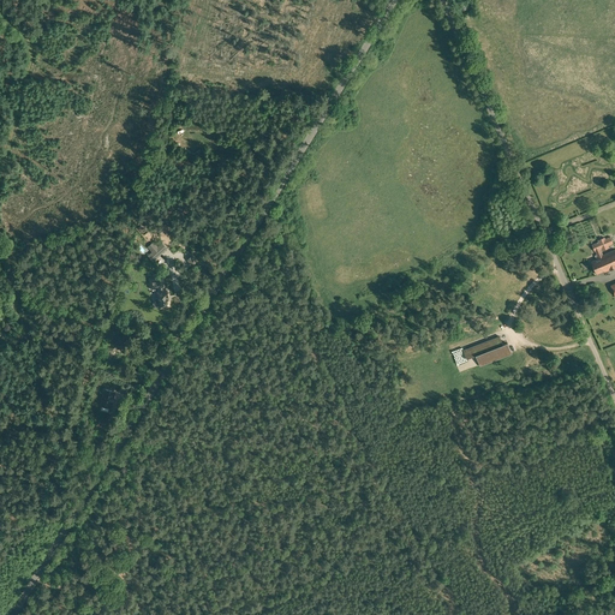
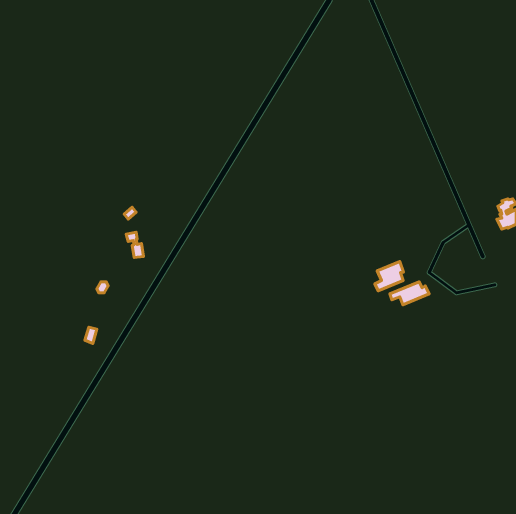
building: none -> [375,262,404,291]

